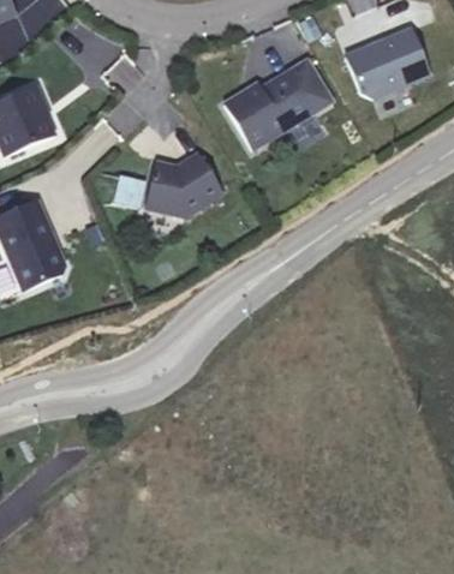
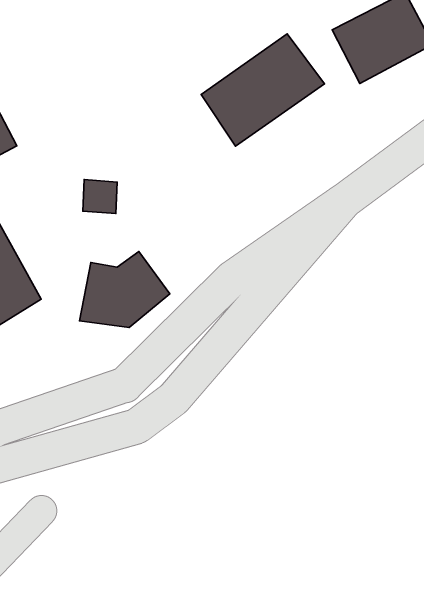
building: [142,153,223,219] -> [79,252,170,328]

